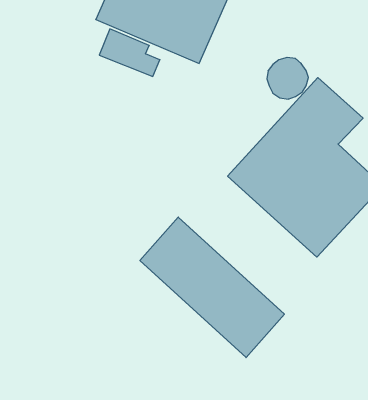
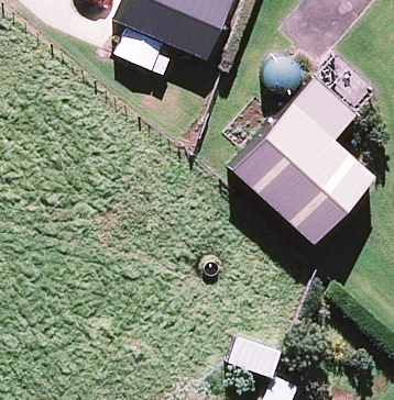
building: [140,217,284,358] -> none

